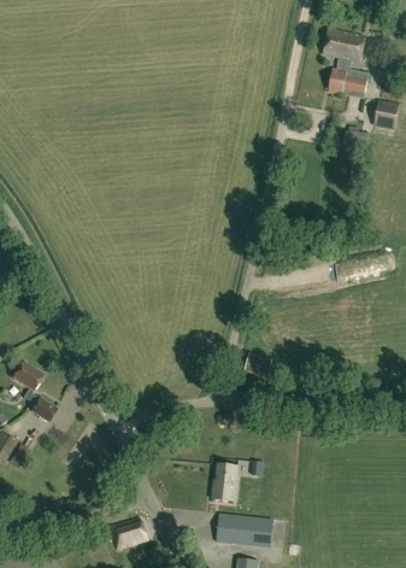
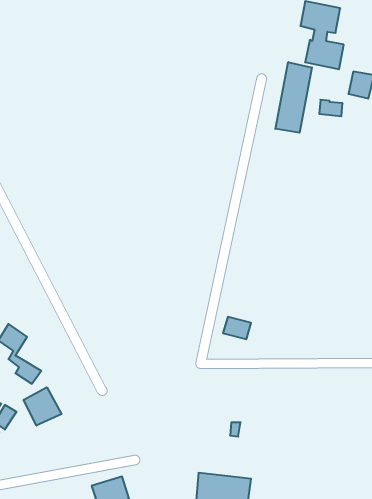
building: none -> [275,62,312,133]
building: none -> [24,387,62,426]
building: [212,463,236,499] -> none

